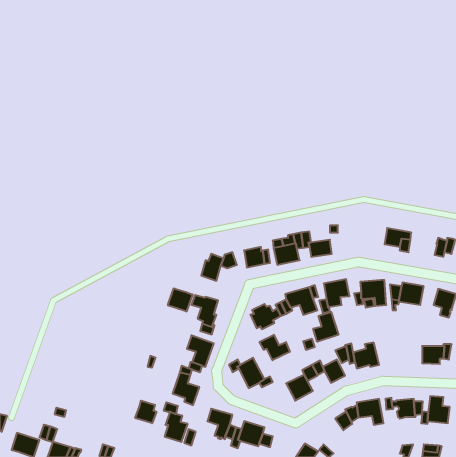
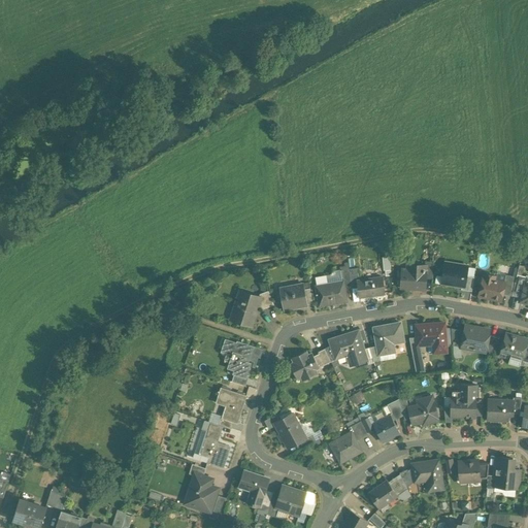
building: none -> [401,265,425,289]
building: none -> [478,274,504,301]
building: [168,288,193,312] -> none
building: [313,312,338,342] -> none
building: none -> [449,385,475,418]
building: [260,335,290,360] -> none
building: [135,401,156,423] -> none
building: none -> [368,481,396,508]

